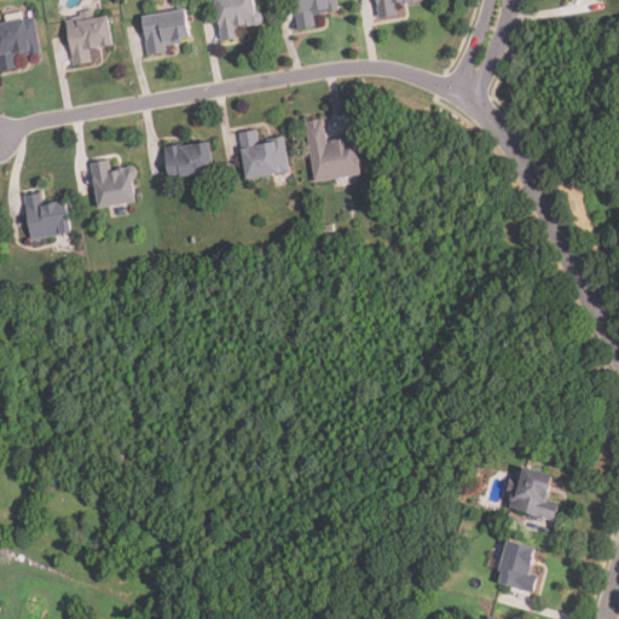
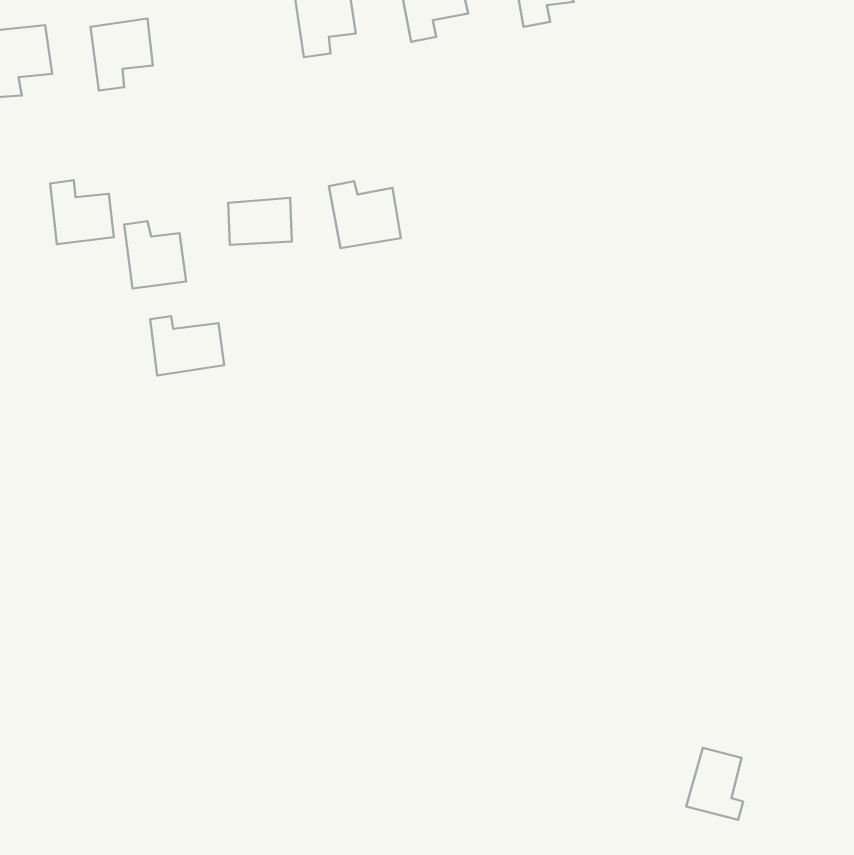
building: [140,11,187,56] -> none
building: [301,118,360,183] -> none
building: [23,193,69,239] -> [50,180,114,244]
building: none -> [150,316,224,375]
building: [511,465,556,517] -> none

